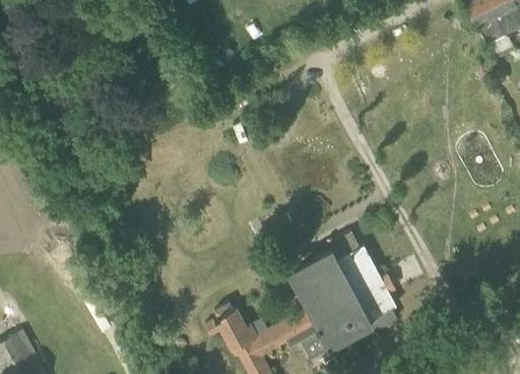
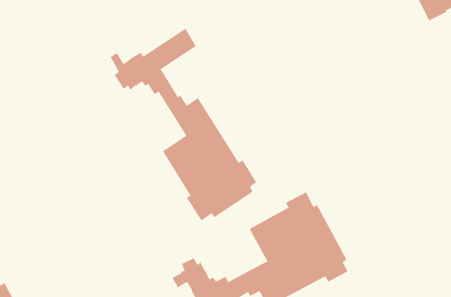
building: none -> [110,28,257,222]

